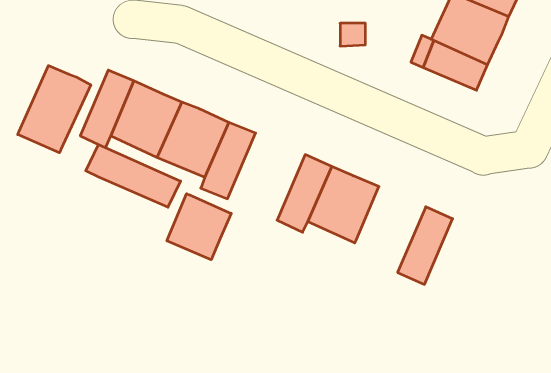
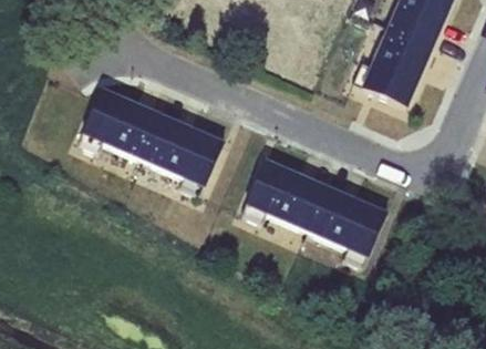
building: [18,66,91,153] -> none
building: [86,145,181,207] -> none
building: none -> [306,185,364,248]
building: [167,194,231,260] -> none

